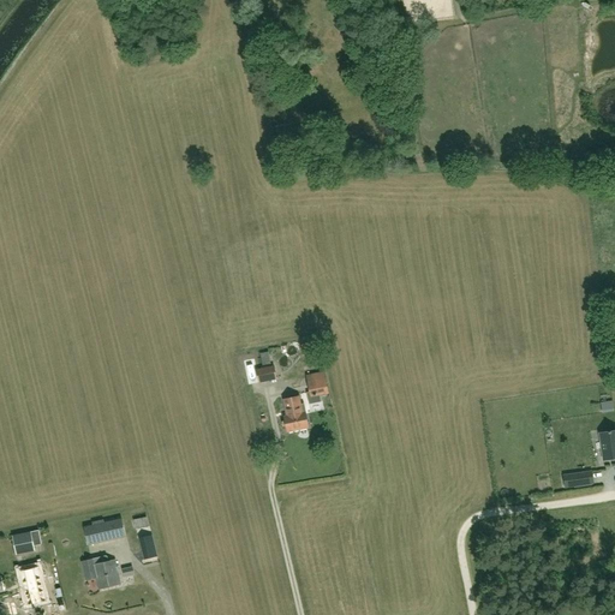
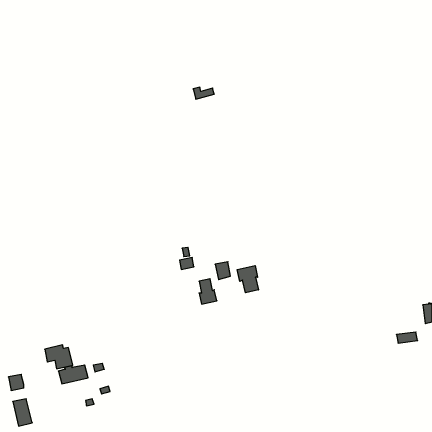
building: none -> [237,266,258,293]
building: [80,555,120,589] -> [45,345,73,369]

